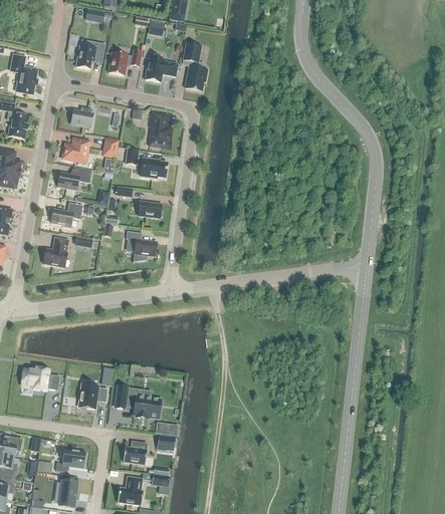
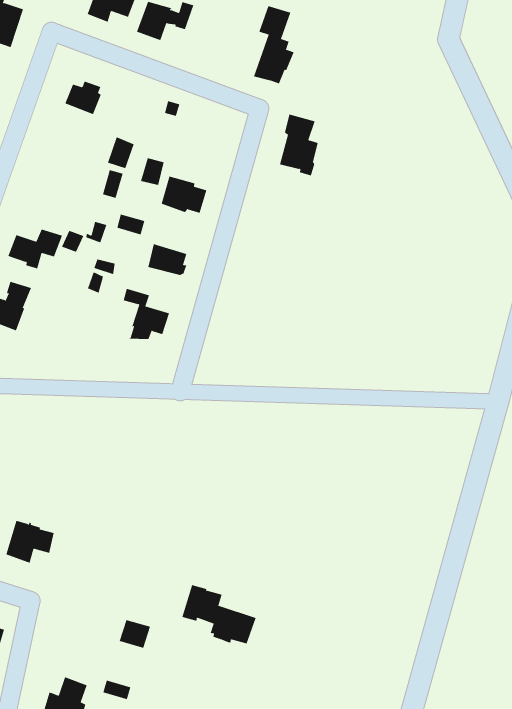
building: [145,56,177,81] -> none
building: [149,112,171,149] -> [279,114,318,176]
building: [62,138,88,162] -> none
building: [57,169,90,190] -> none
building: [117,383,163,416] -> [181,585,256,644]
building: [123,441,147,464] -> none

